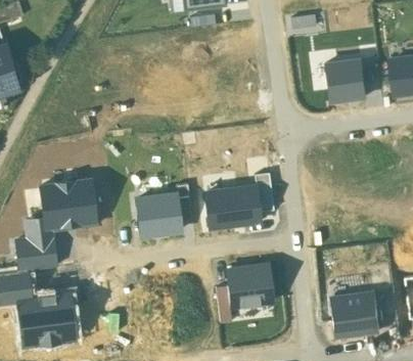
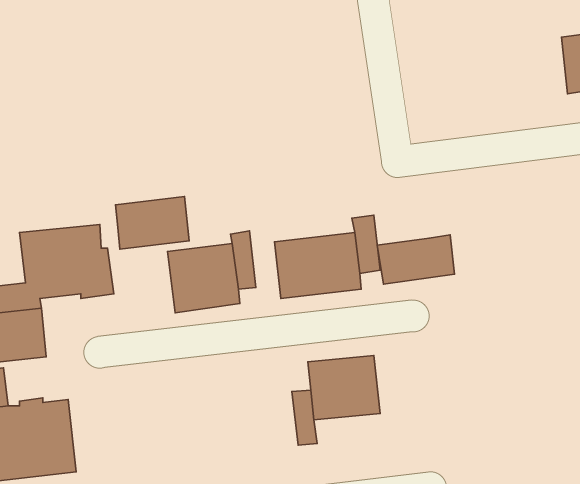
building: [325,60,367,101] -> none
building: none -> [116,197,189,249]
building: none -> [377,235,454,284]
building: [330,291,380,336] -> none

